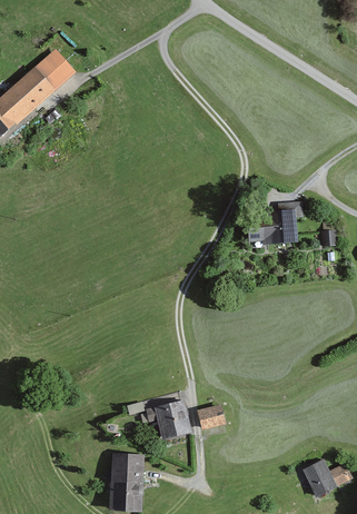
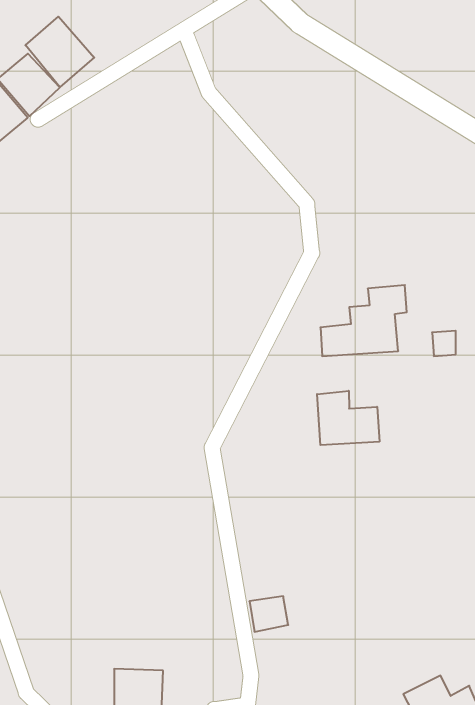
building: none -> [25,17,94,87]
building: none -> [317,391,379,445]
building: [146,398,194,438] -> none

